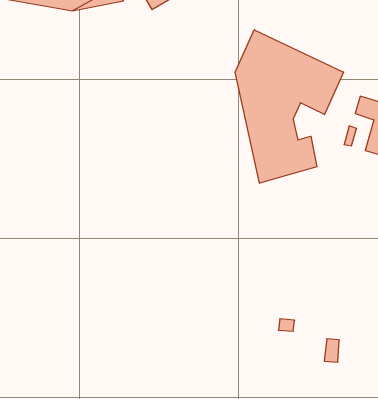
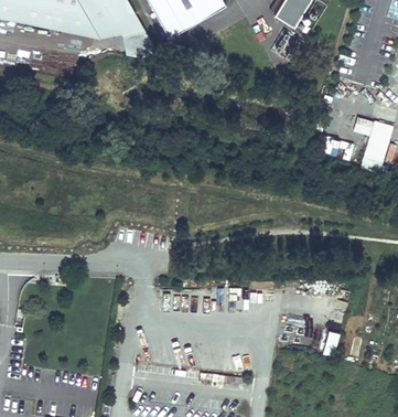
building: [235,30,344,183] -> none

